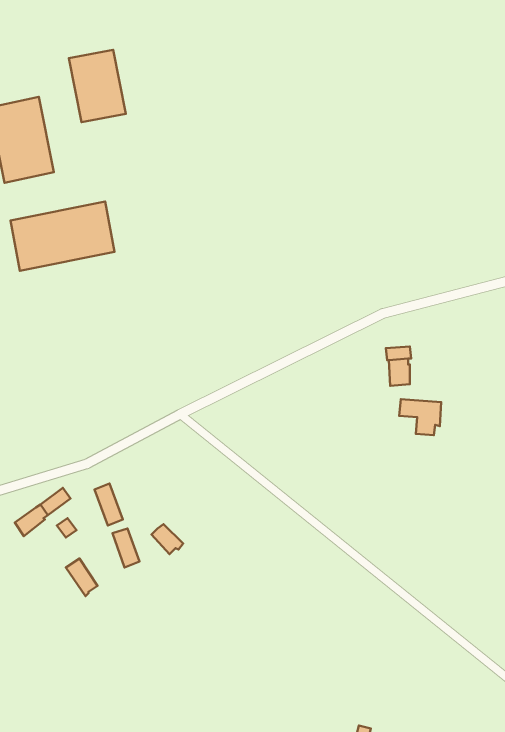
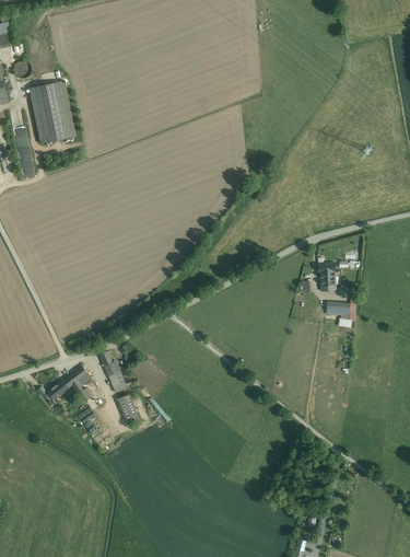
building: [69,50,126,122] -> none
building: [11,202,114,271] -> none

